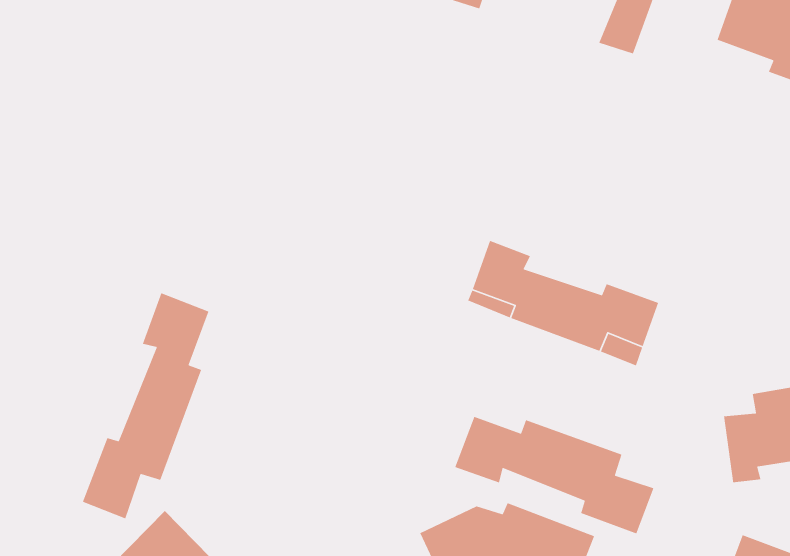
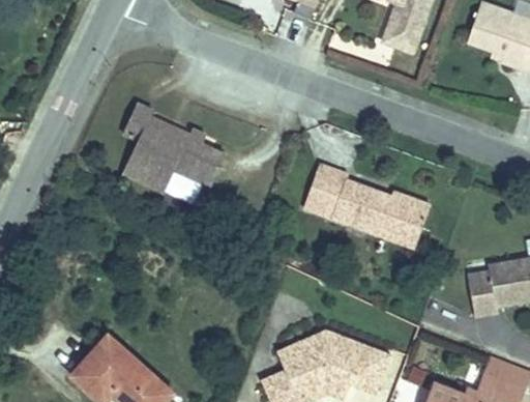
building: none -> [131,114,231,196]
building: [82,292,209,519] -> none
building: [454,416,655,535] -> none

